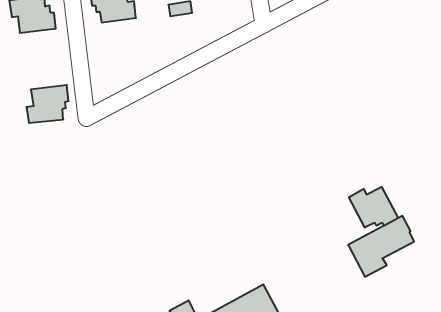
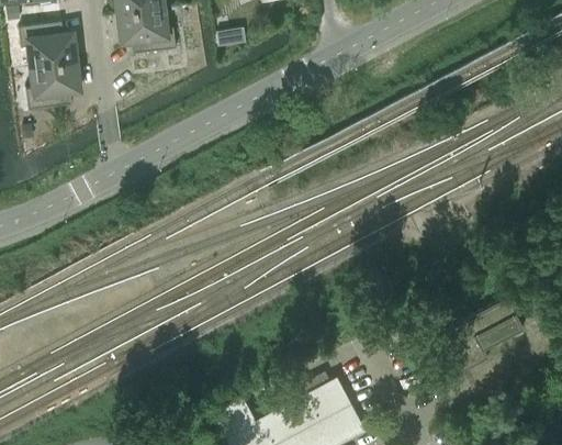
building: [26,85,69,123] -> [26,62,79,109]
building: [349,187,398,228] -> none

